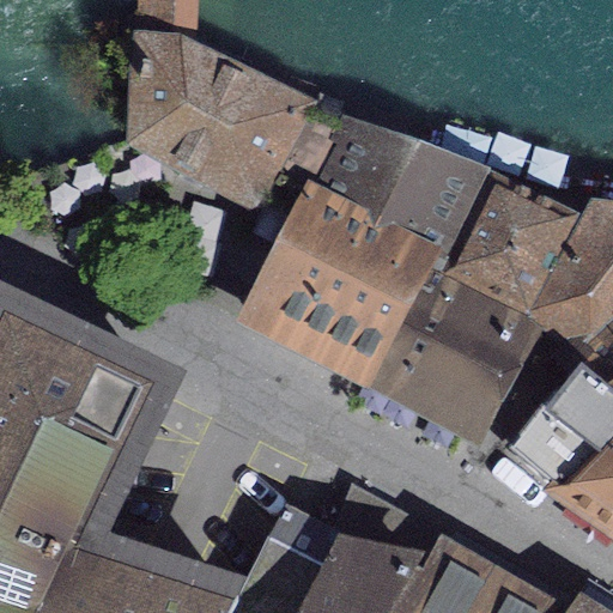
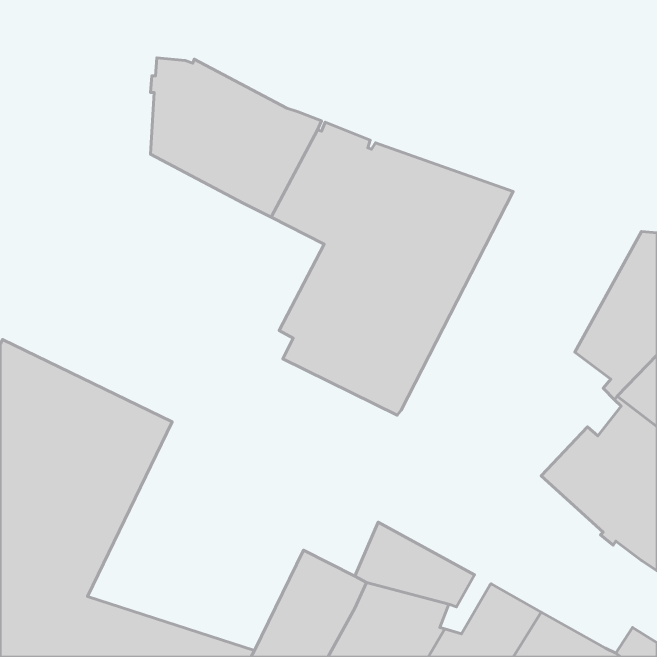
building: [374,178,573,432] -> none

